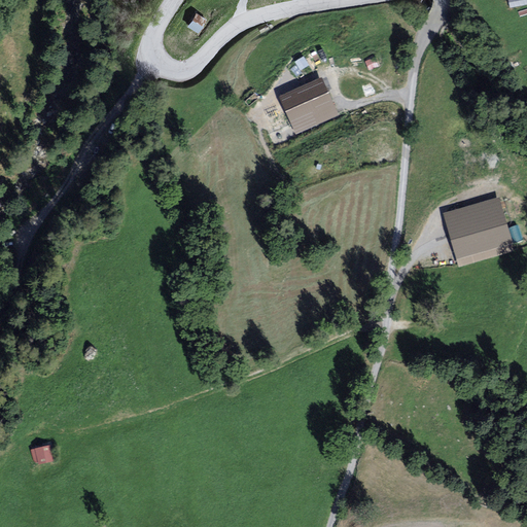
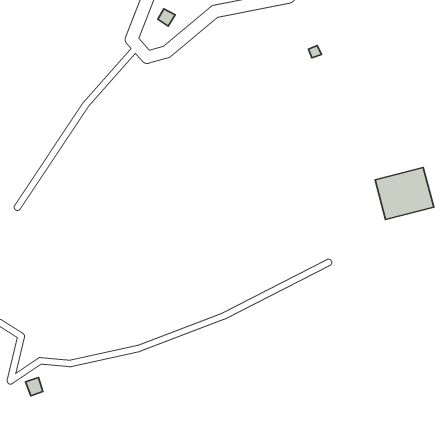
building: [277,77,339,134] -> none

